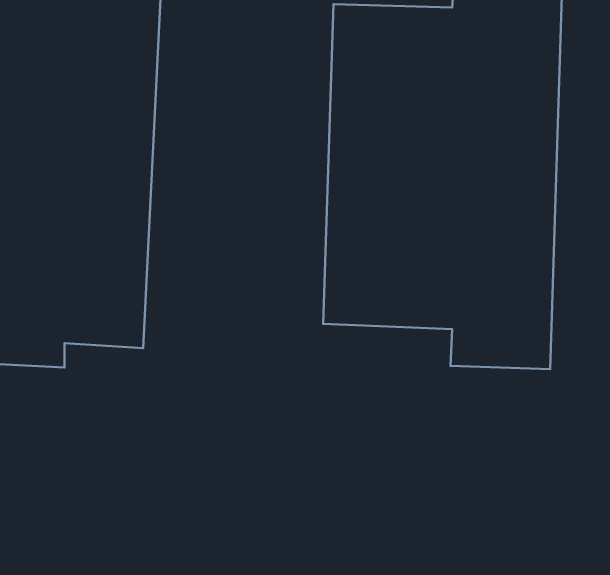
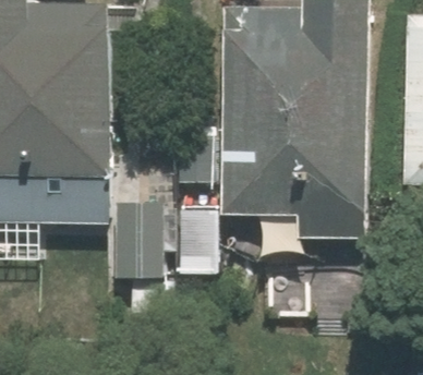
building: none -> [105,203,214,317]

